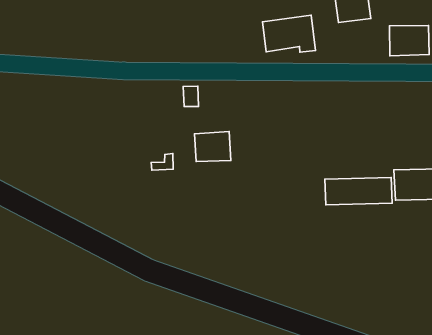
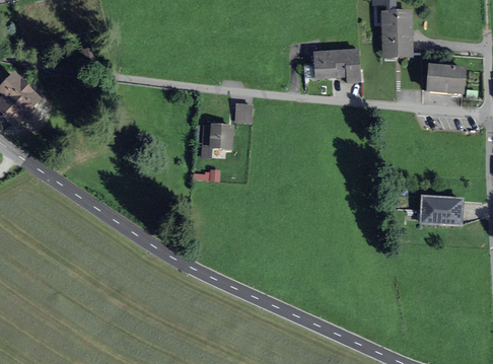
building: [195,132,231,162] -> [201,124,233,151]
building: [325,178,392,205] -> none

